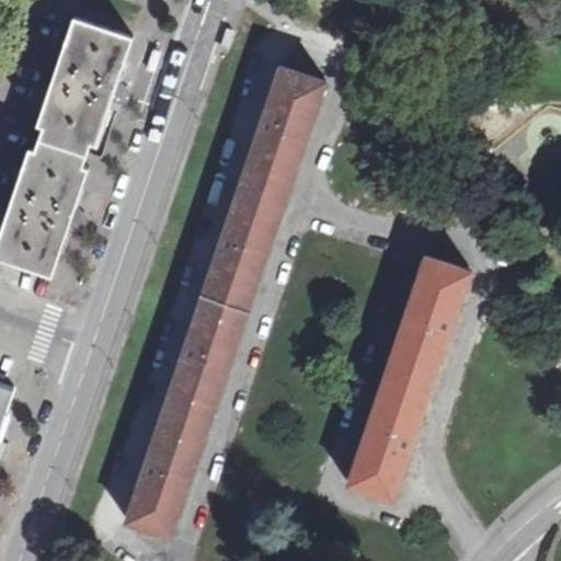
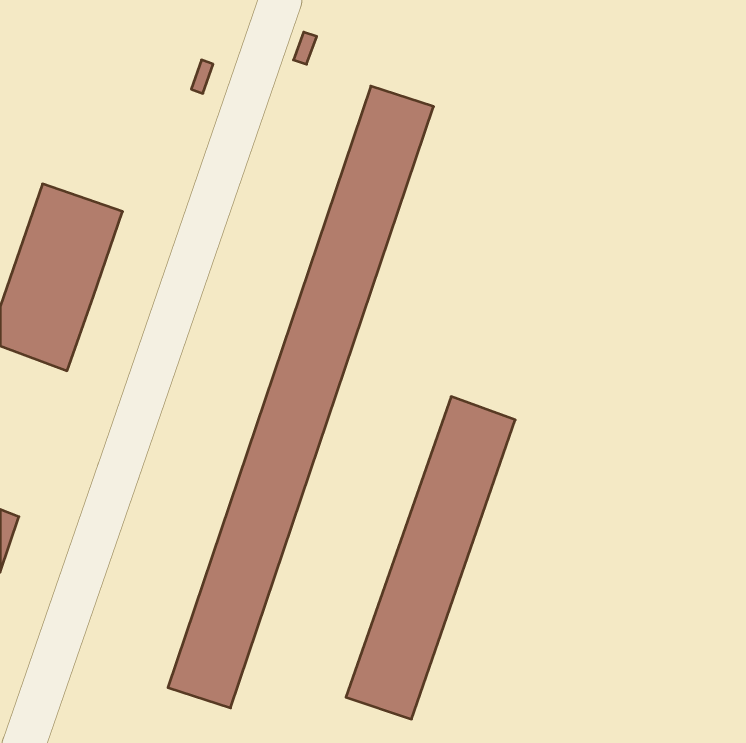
building: [32,21,134,161] -> none
building: [343,254,470,496] -> [346,397,515,719]

